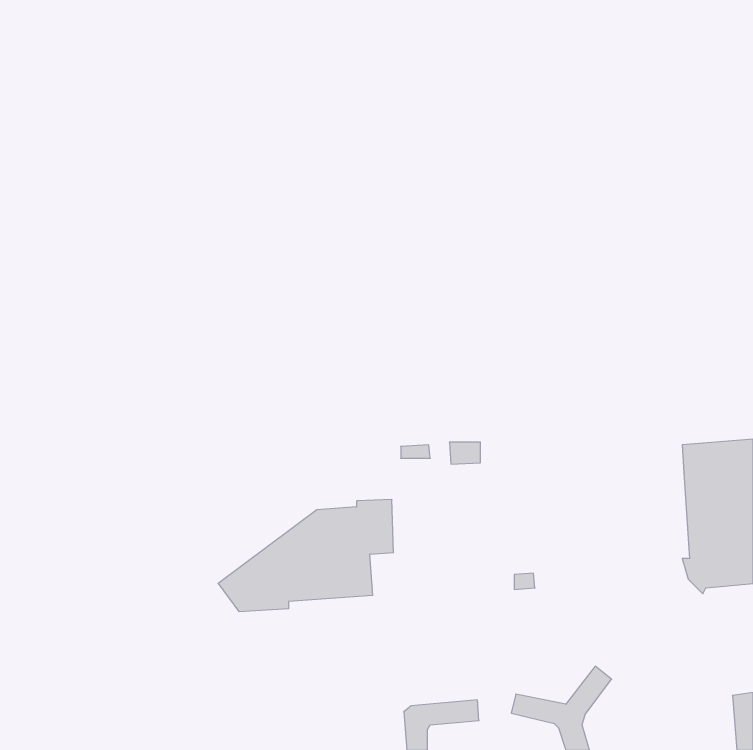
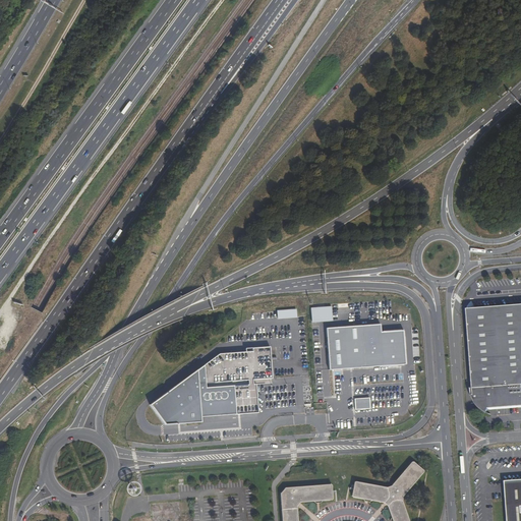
building: none -> [327,324,406,370]

